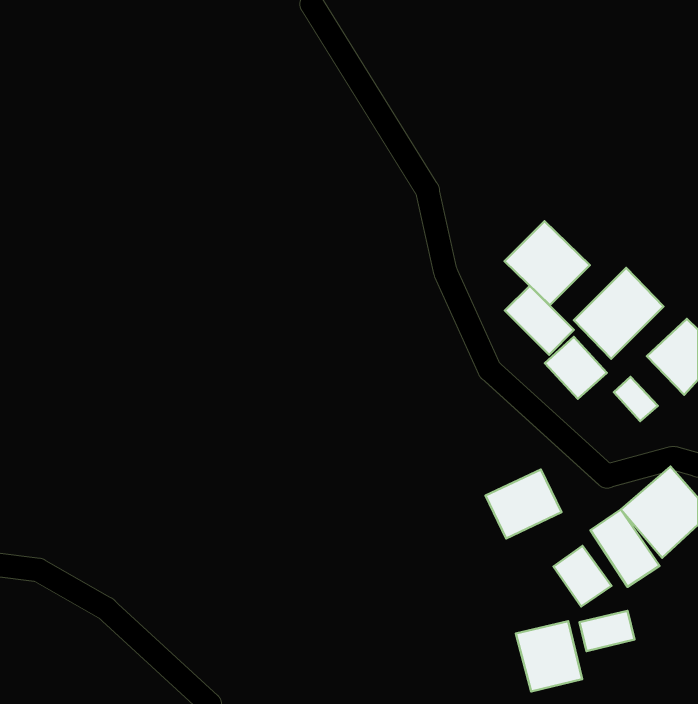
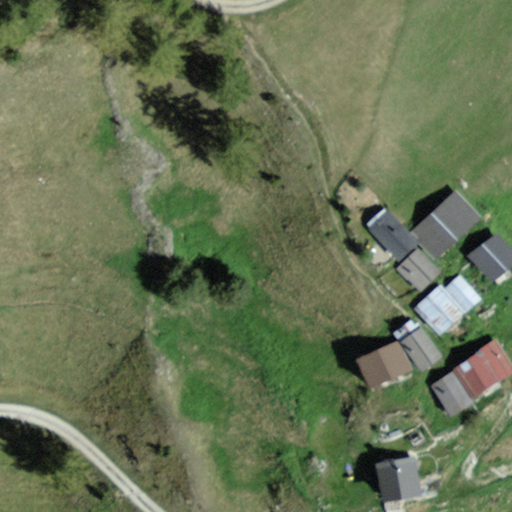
building: [505,221,590,305] -> none
building: none -> [413,284,467,339]
building: [554,546,611,607] -> [397,328,439,372]
building: [580,611,634,651] -> none

